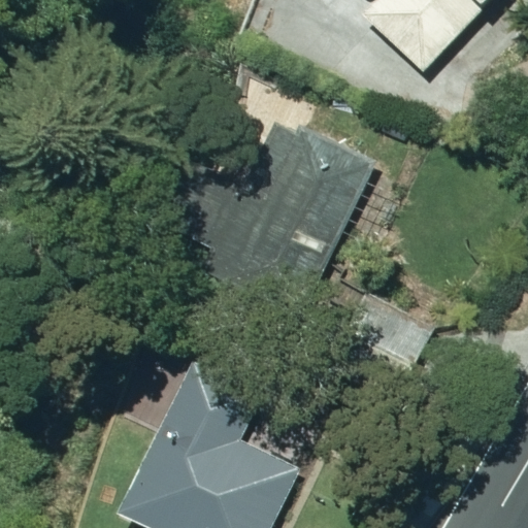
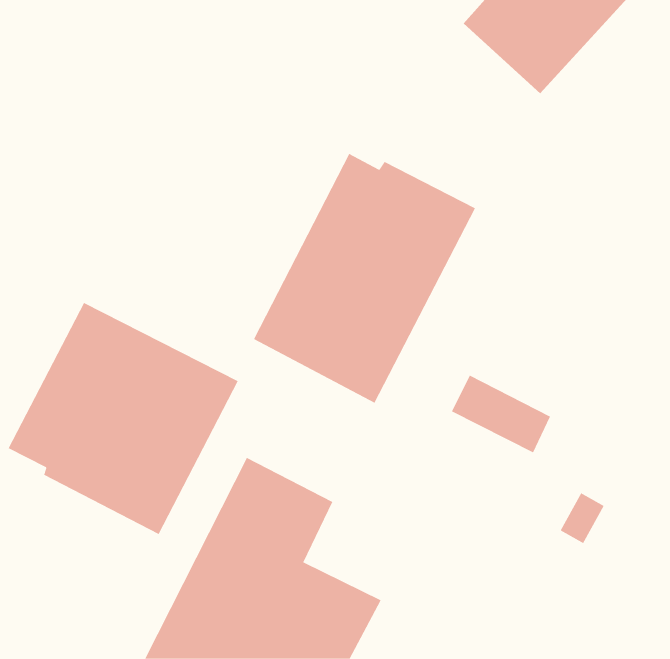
building: none -> [8,302,238,535]

